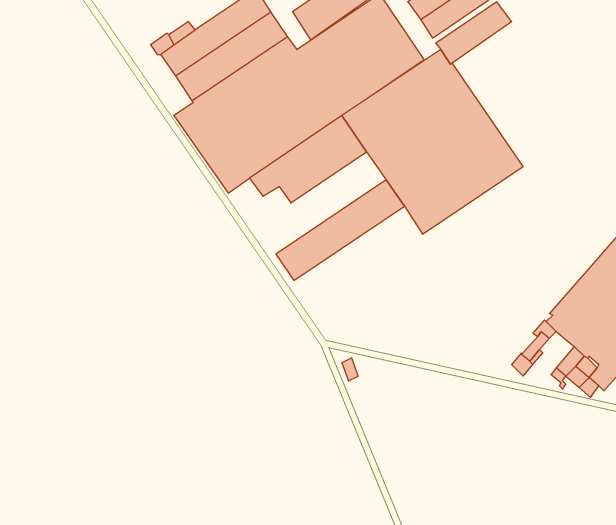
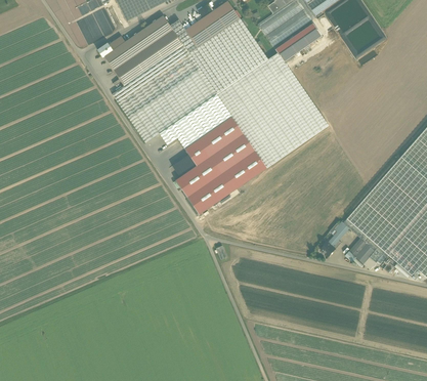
building: none -> [186,116,246,165]
building: none -> [188,150,268,213]

